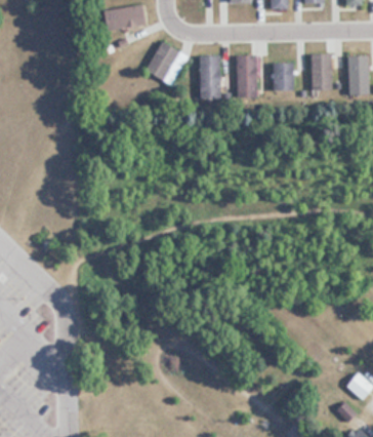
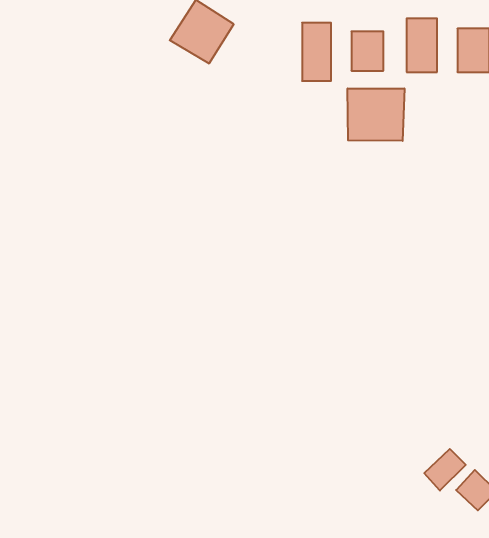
building: [200,56,220,97] -> none
building: none -> [348,88,404,141]
building: none -> [424,449,466,491]

